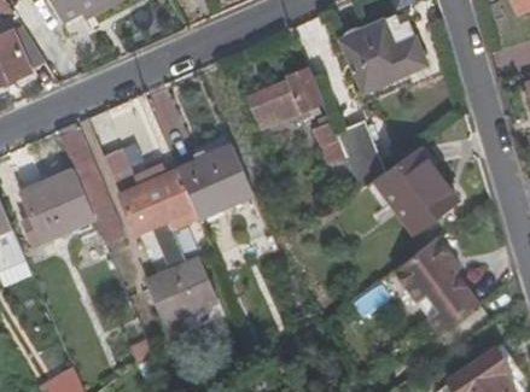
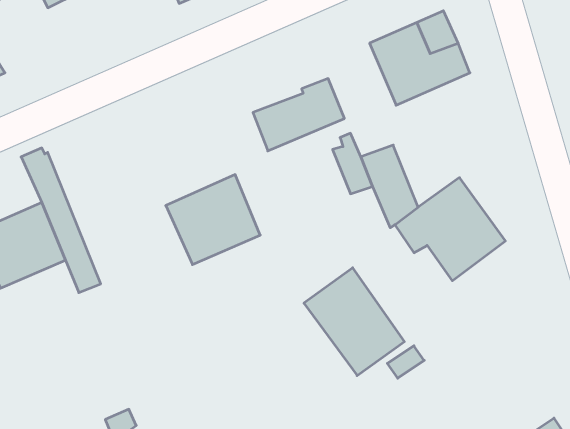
building: [103,151,216,324] -> none
building: [396,241,478,329] -> [304,268,404,376]

